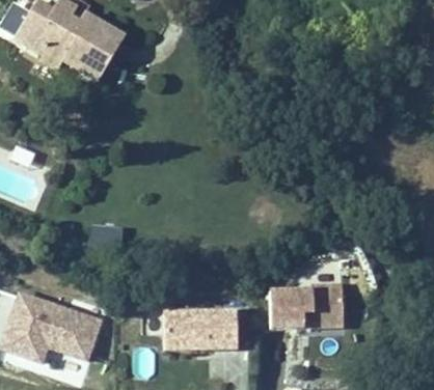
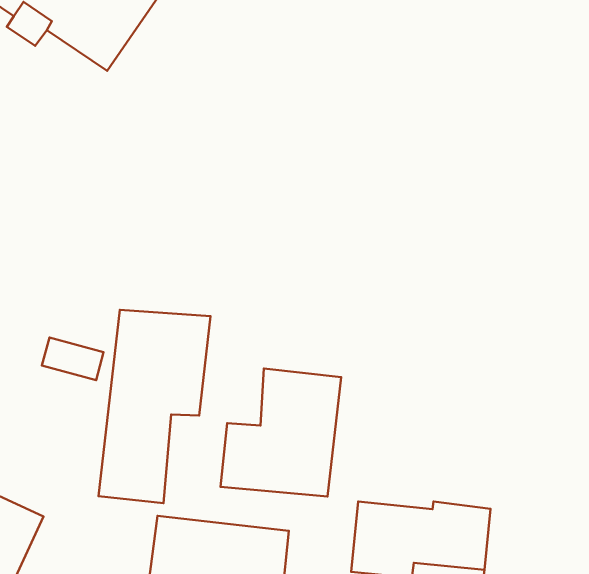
building: none -> [98,310,210,503]
building: none -> [220,369,341,497]

